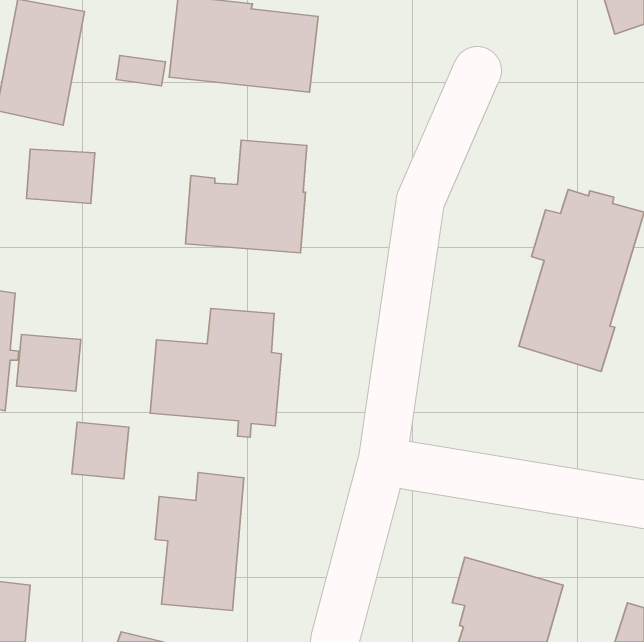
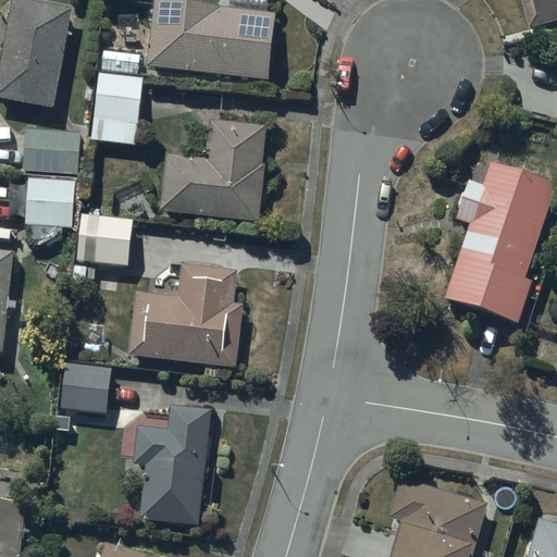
building: none -> [90,73,143,144]
building: none -> [25,178,75,226]
building: [17,334,81,391] -> [77,215,133,264]

